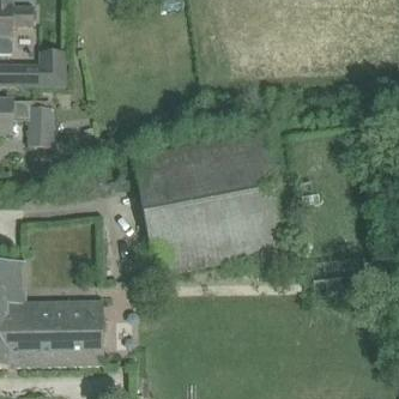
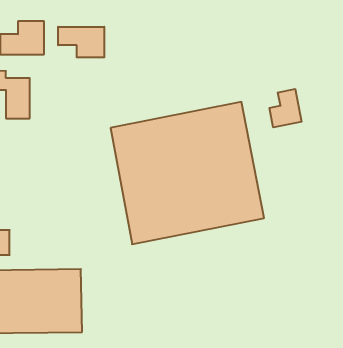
building: none -> [58,27,104,57]
building: none -> [269,89,302,127]

